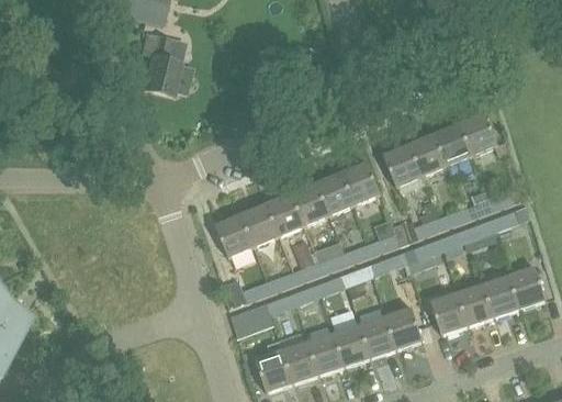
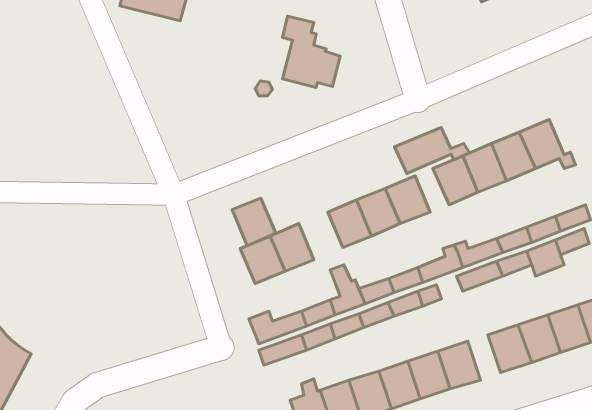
building: [143,33,193,96] -> [282,16,340,88]
building: none -> [395,127,469,173]
building: [266,193,304,235] -> [232,198,276,246]

